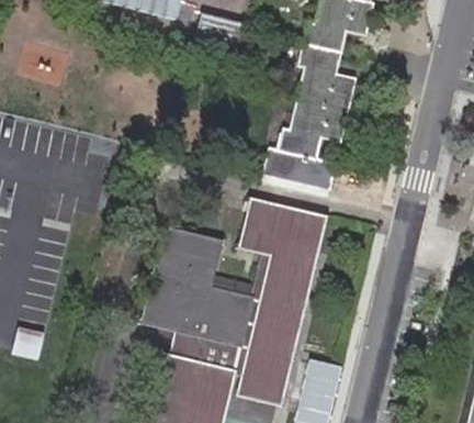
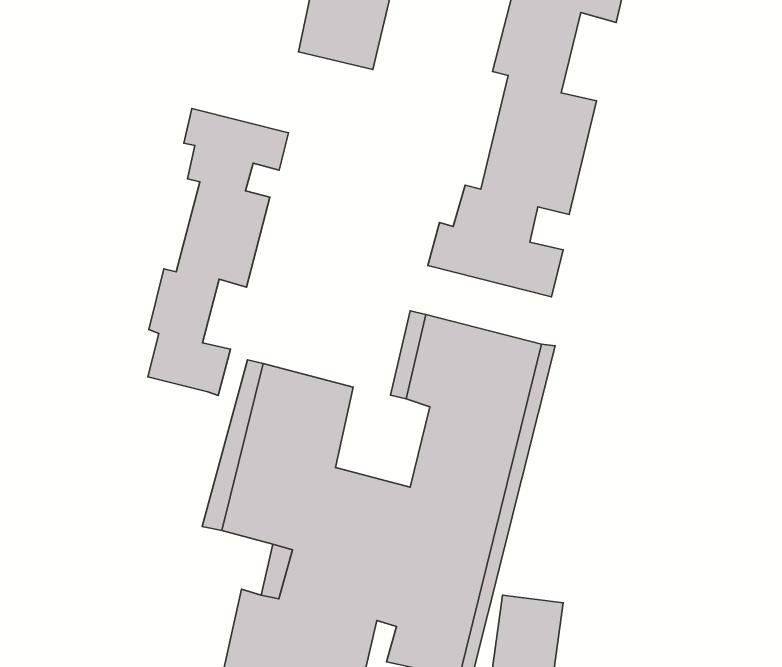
building: none -> [148,109,289,396]

